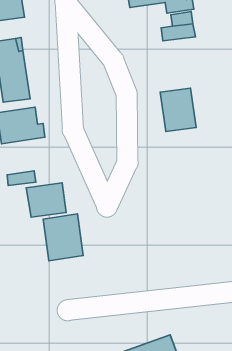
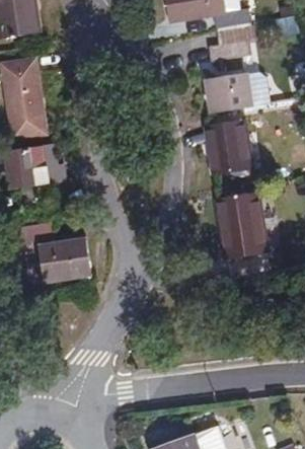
building: none -> [205,73,253,113]
building: none -> [221,194,268,257]
building: [43,214,83,261] -> none

